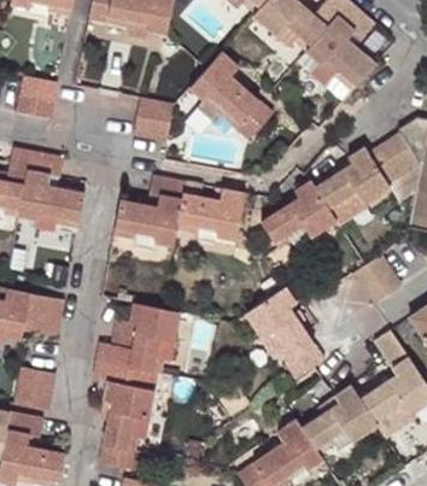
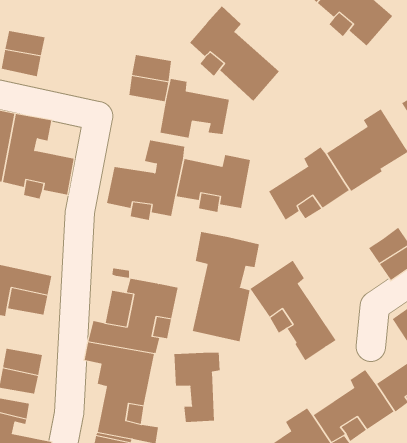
building: none -> [160,78,229,139]
building: none -> [192,231,260,342]
building: none -> [174,352,220,423]

